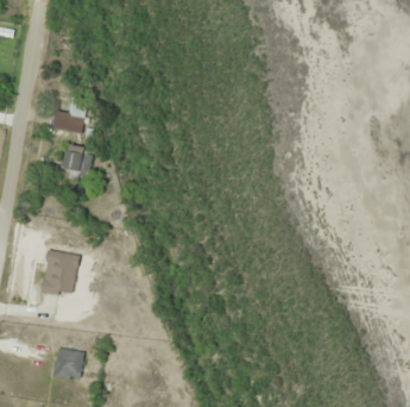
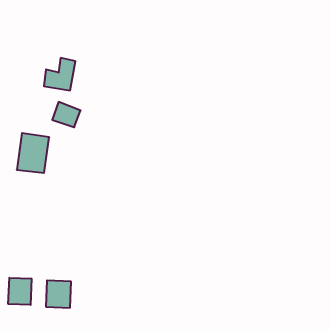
building: [42,250,78,295] -> [17,133,49,173]
building: none -> [8,278,32,305]

